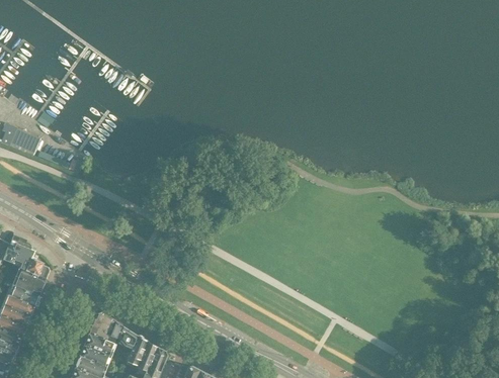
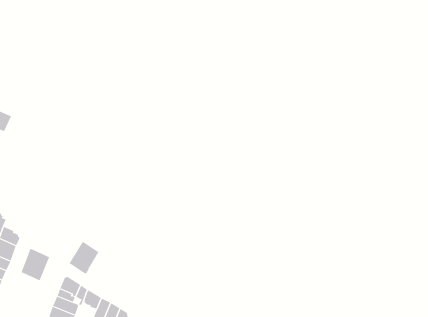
building: none -> [69,241,99,275]
building: none -> [21,248,50,281]

